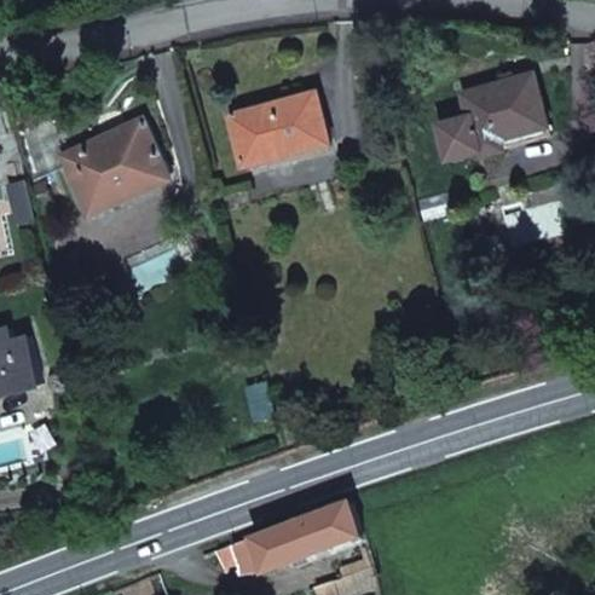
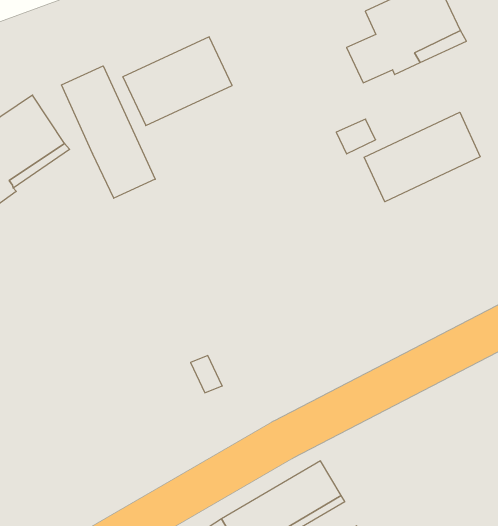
building: none -> [61,66,155,198]
building: none -> [364,112,480,202]

